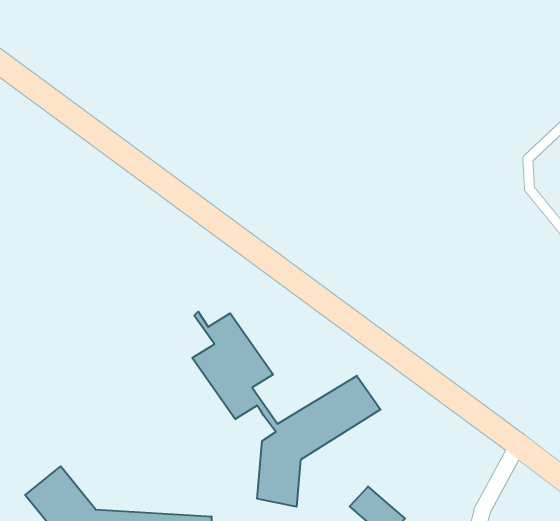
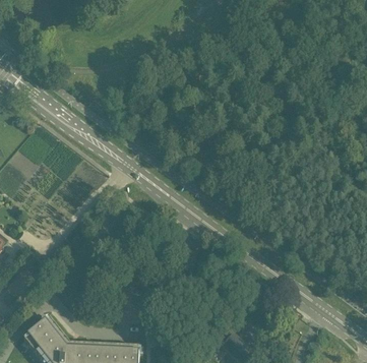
building: [192,312,381,507] -> none

